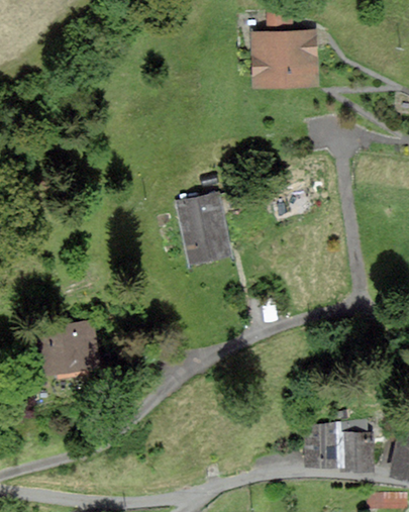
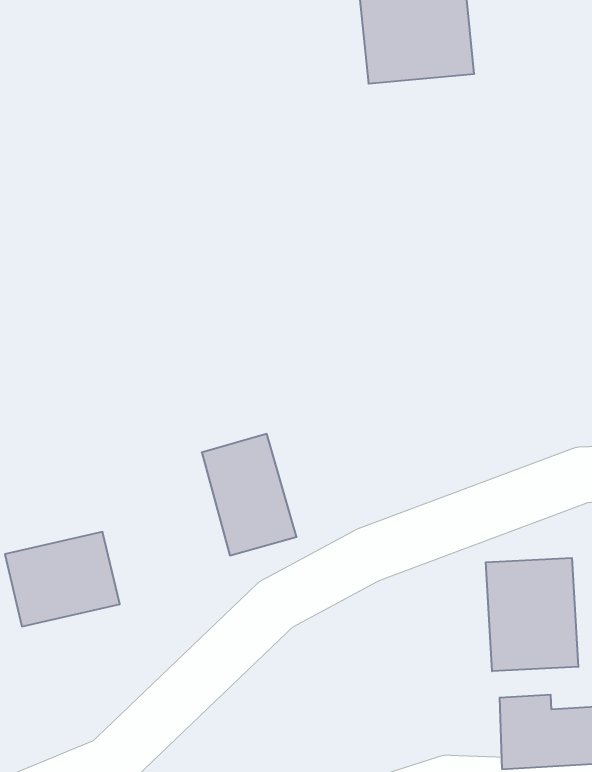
building: [179,196,228,262] -> [202,434,297,555]
building: none -> [486,558,578,671]

